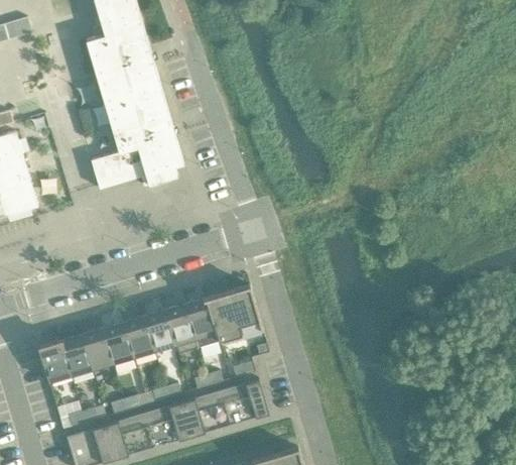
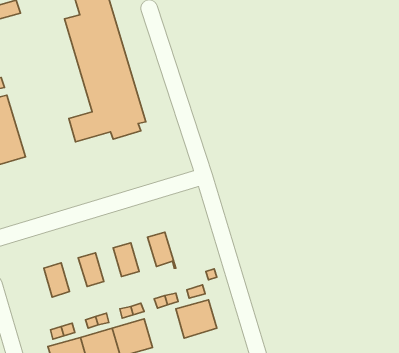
building: [206,285,261,341] -> none
building: [164,304,198,354] -> none
building: [122,317,153,357] -> none
building: [81,329,112,369] -> none
building: [37,341,70,382] -> none
building: [180,390,229,437] -> none

